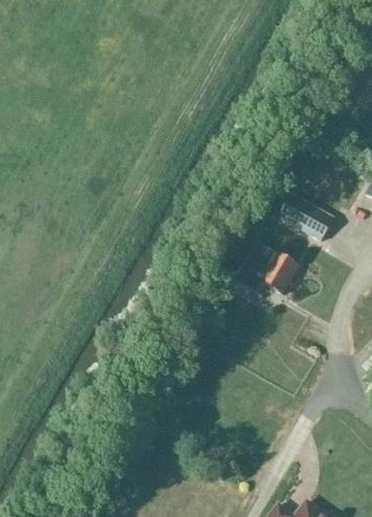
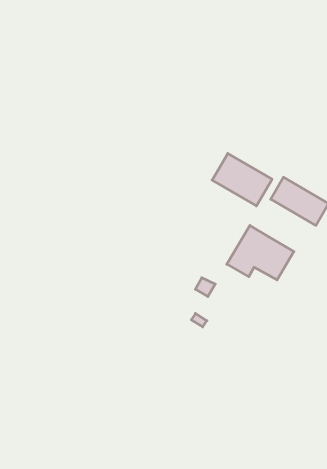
building: none -> [212,153,272,206]

